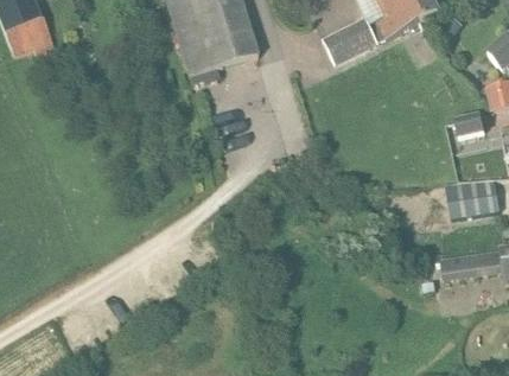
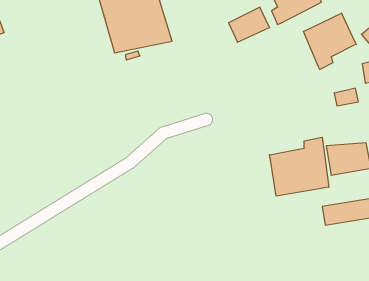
building: none -> [303,13,356,69]
building: none -> [269,137,329,196]

